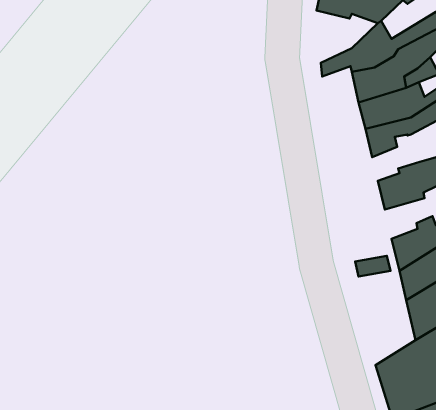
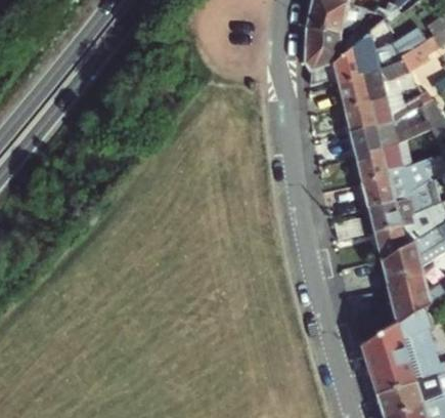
building: none -> [306,28,362,75]
building: none -> [357,139,400,181]
building: none -> [368,197,408,234]

